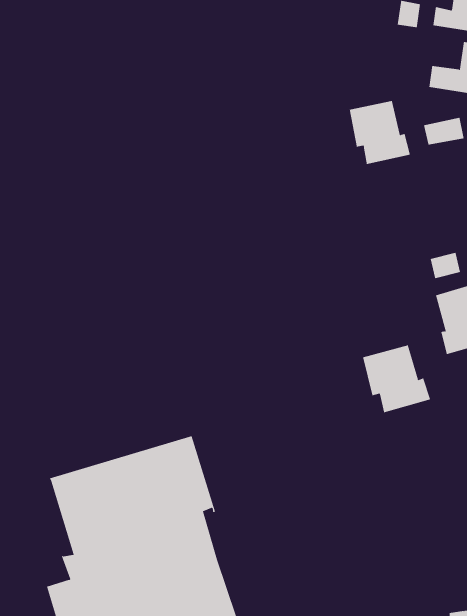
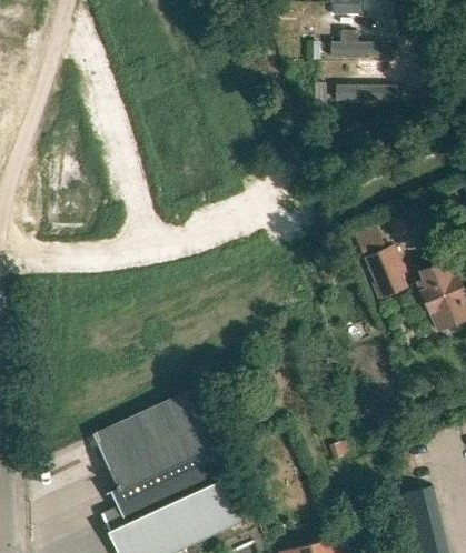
building: [349,100,411,165] -> none
building: [362,344,431,413] -> none

